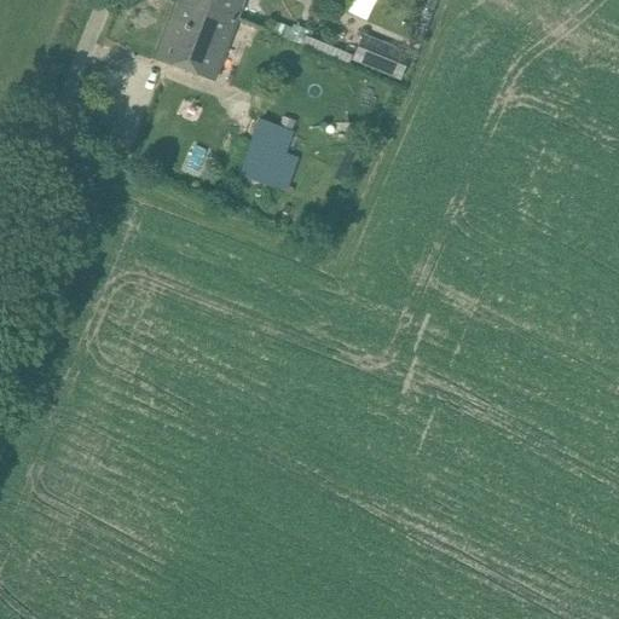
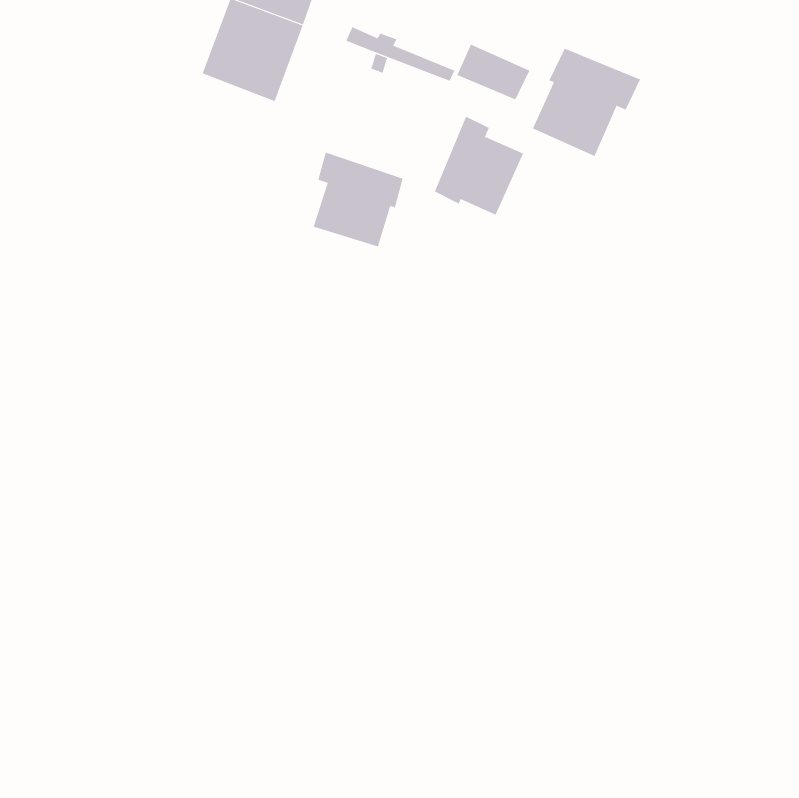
building: none -> [532,48,641,157]
building: none -> [434,116,524,216]

